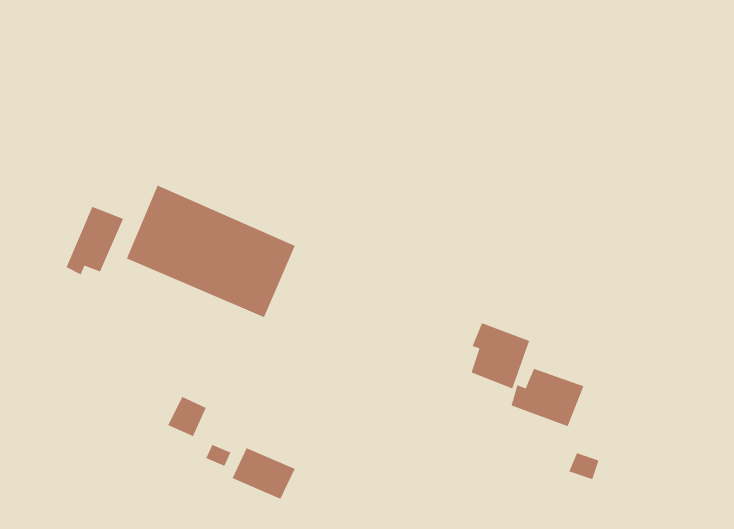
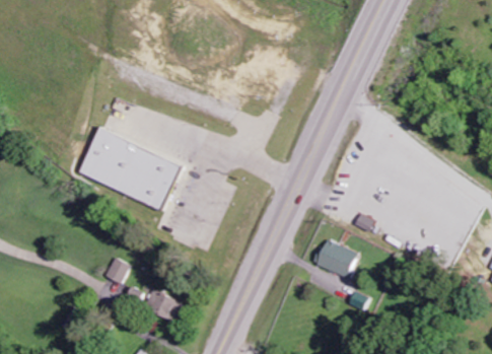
building: [66,206,124,276] -> none
building: [470,322,530,390] -> none

